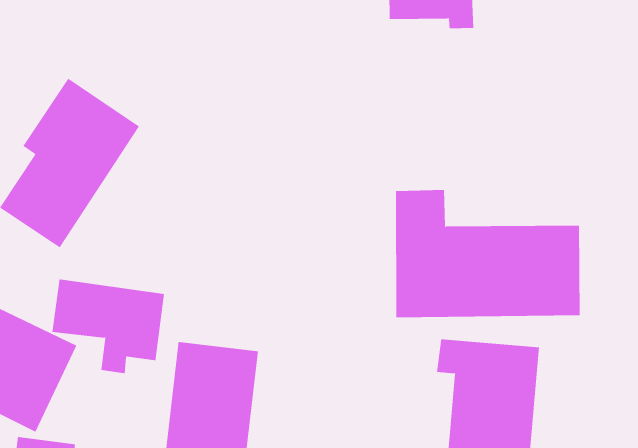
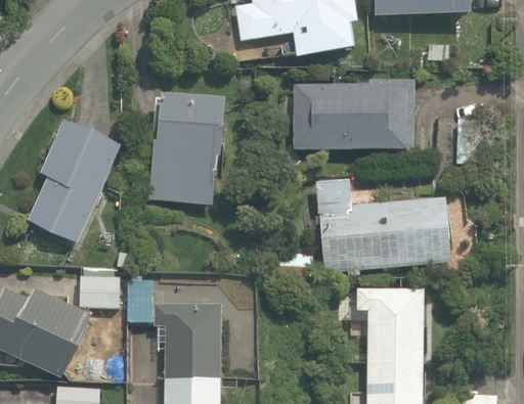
building: none -> [289,83,413,153]
building: none -> [142,97,241,206]

